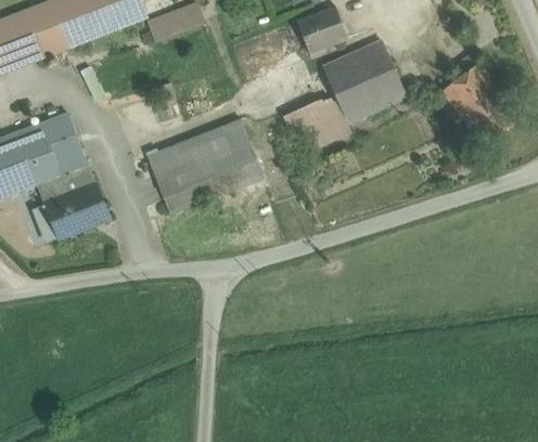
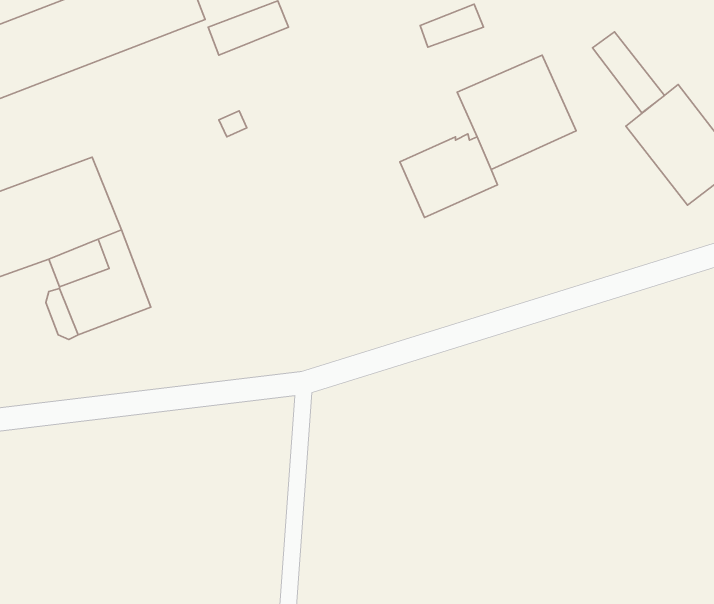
building: [302,22,347,54] -> none
building: none -> [593,32,664,113]
building: [146,119,264,214] -> none

